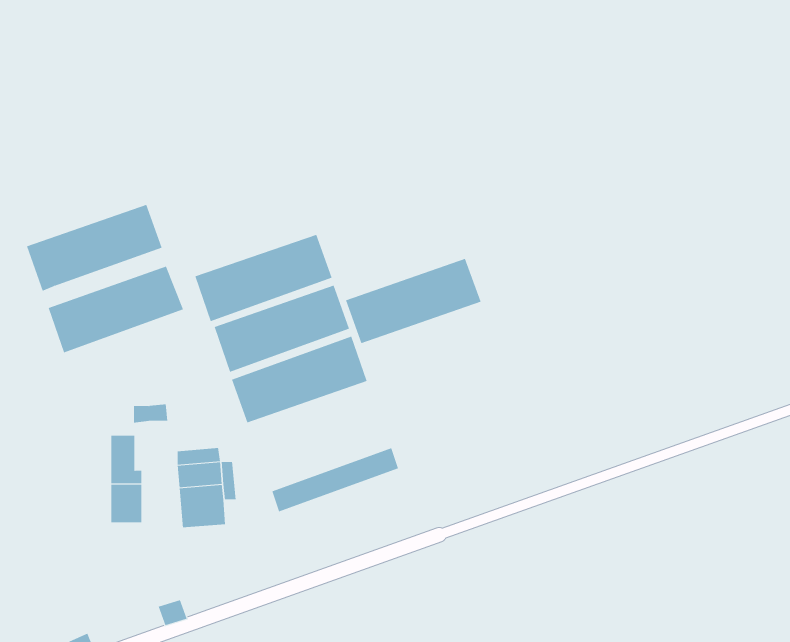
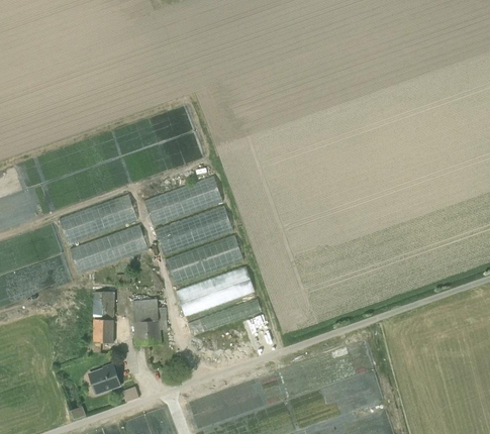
building: [26,204,163,292] -> [69,224,148,275]
building: [345,258,481,344] -> [176,266,255,316]
building: none -> [88,362,119,393]

